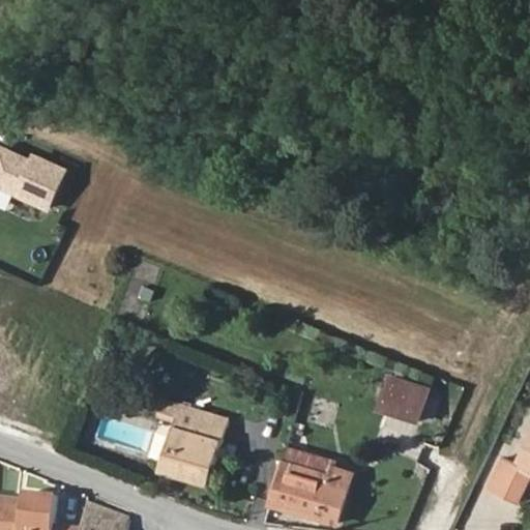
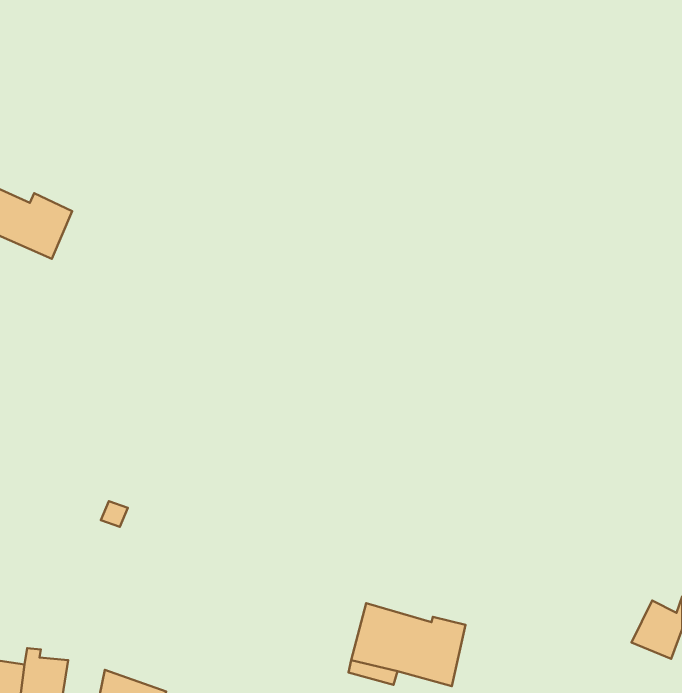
building: [371,371,418,412] -> none
building: [158,404,227,483] -> none

